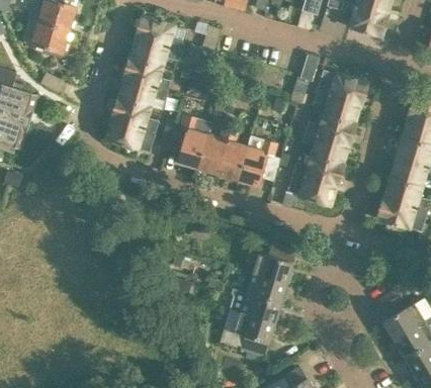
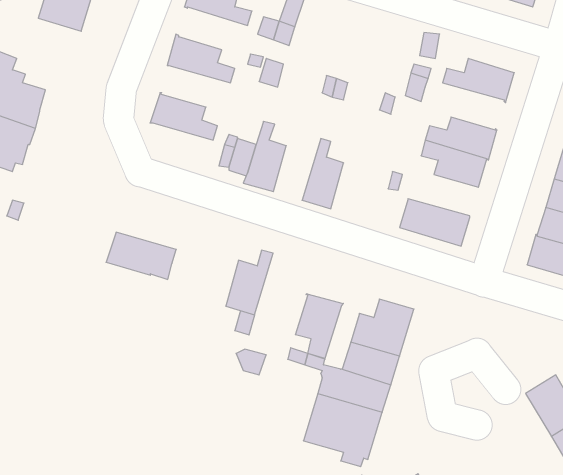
building: [131,36,179,67] -> none
building: [117,78,167,110] -> none
building: [314,90,360,123] -> none
building: [105,118,155,152] -> [106,232,176,279]
building: [197,127,231,173] -> [226,250,273,315]
building: [238,139,271,185] -> none
building: [292,155,344,185] -> none
building: none -> [295,294,343,359]

